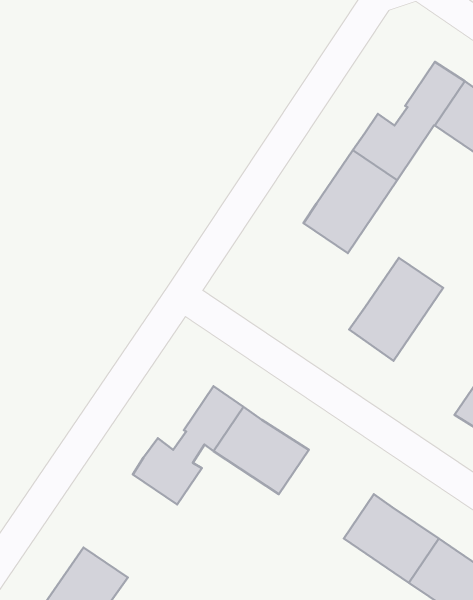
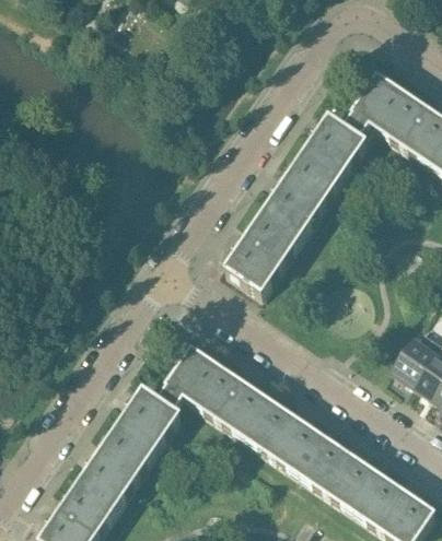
building: [349,258,443,361] -> [223,208,302,294]
building: none -> [244,398,324,472]
building: none -> [80,419,159,505]

